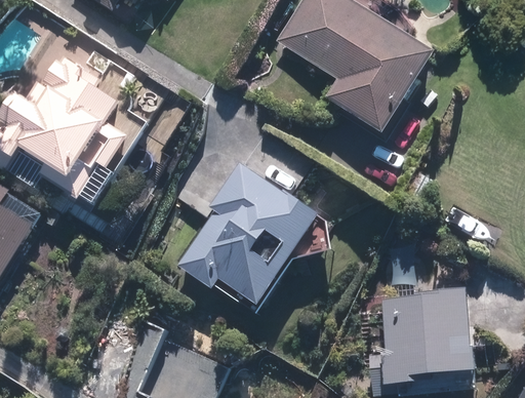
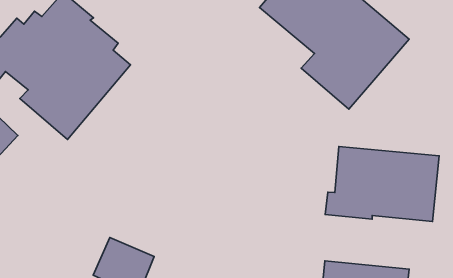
building: [177,163,319,308] -> none
building: none -> [325,147,439,221]

